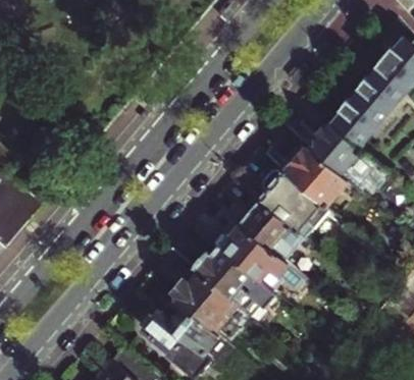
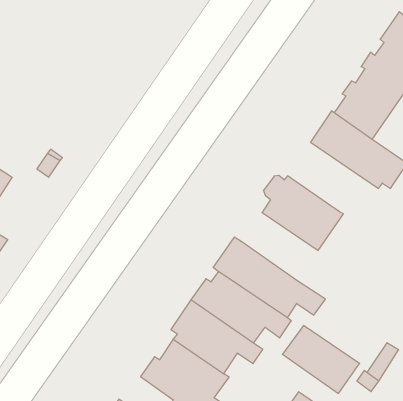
building: [281,148,345,210] -> none
building: [237,204,301,264] -> [282,325,360,393]

